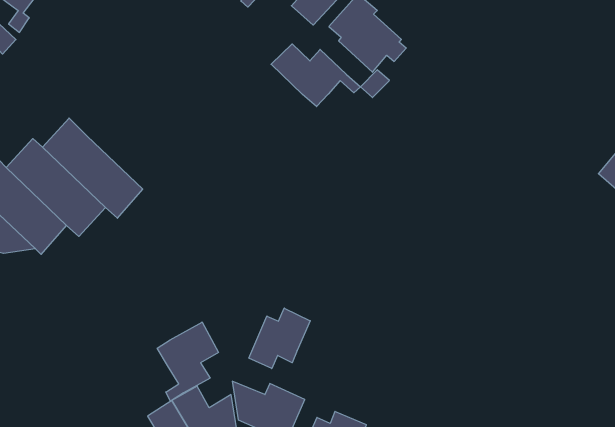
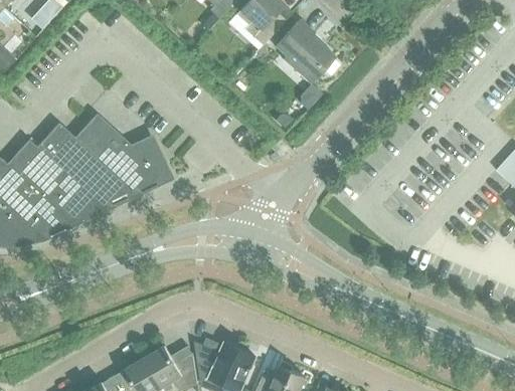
building: [271,44,360,107] -> none
building: none -> [73,114,162,191]
building: [249,308,310,369] -> none
building: [157,322,218,401] -> none

